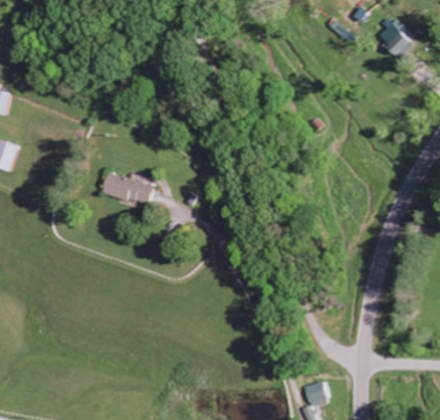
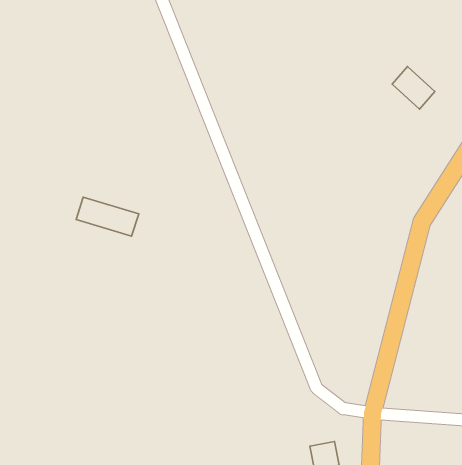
building: [377,20,413,56] -> [392,67,435,109]

